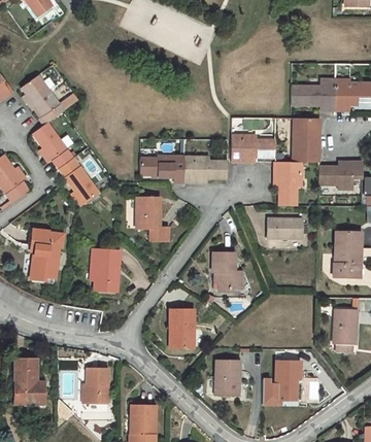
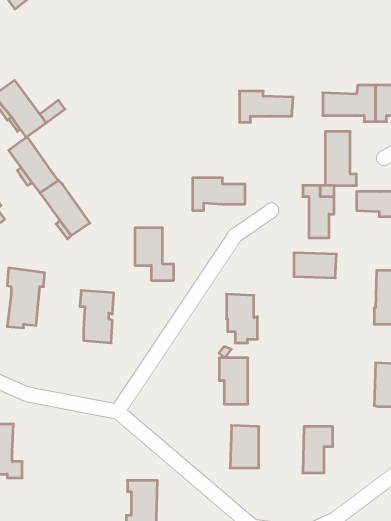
building: [232,135,276,161] -> [239,91,293,122]
building: [140,156,184,182] -> none
building: [170,309,194,347] -> [219,358,248,404]
building: [87,367,108,403] -> none

